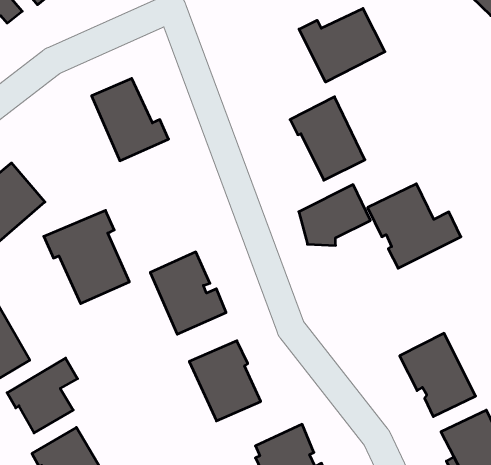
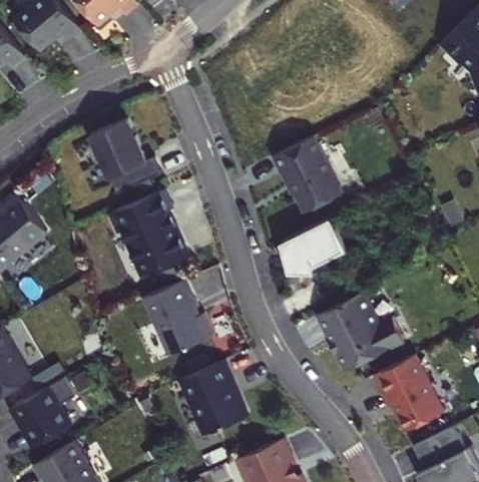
building: [299,8,385,82] -> none
building: [368,184,461,268] -> [318,292,404,370]
building: [44,210,129,304] -> [108,190,187,277]

